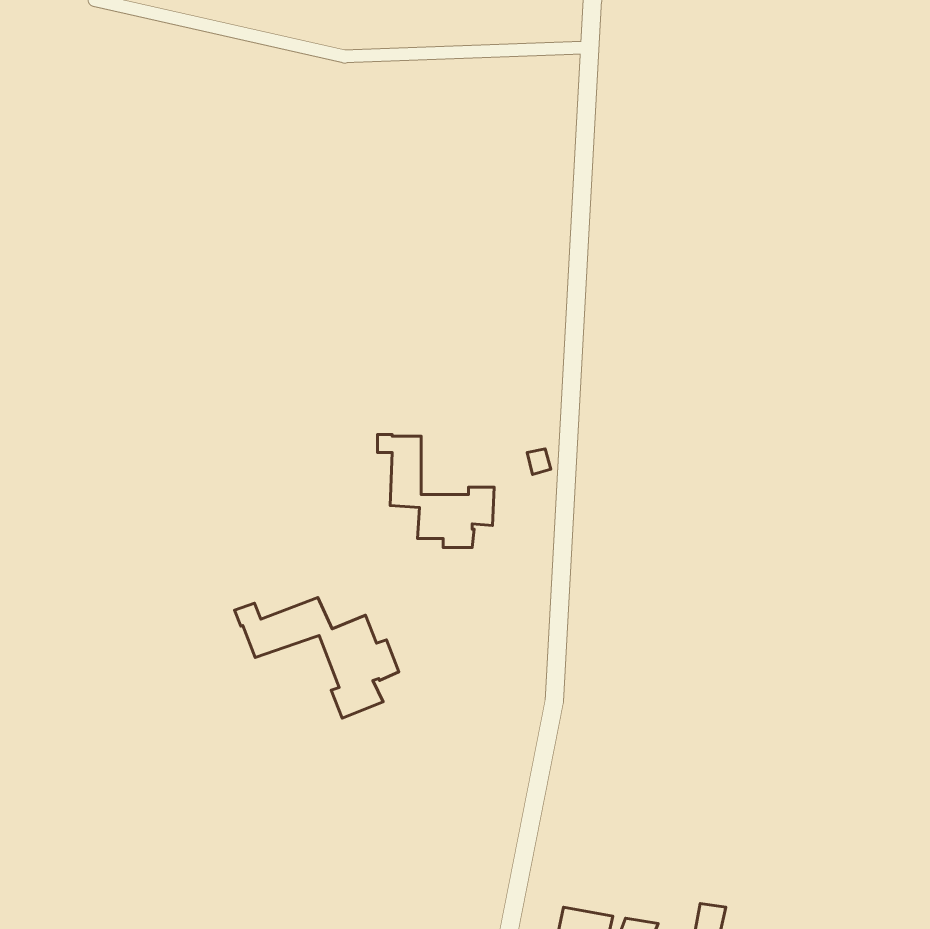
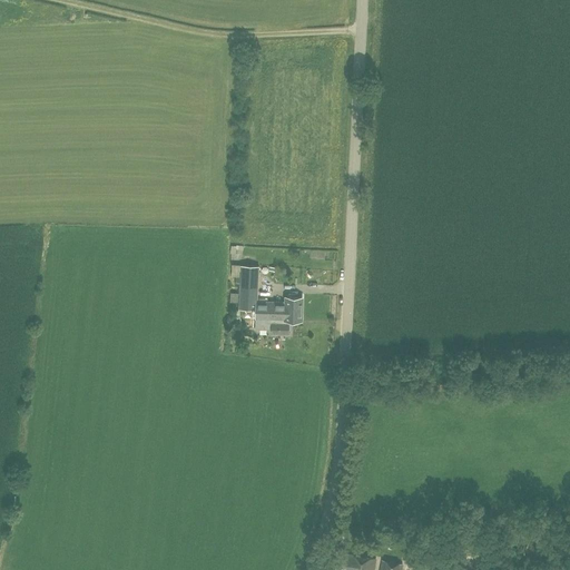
building: [235,598,399,718] -> none

